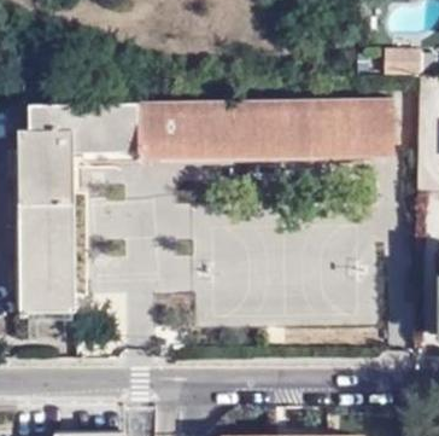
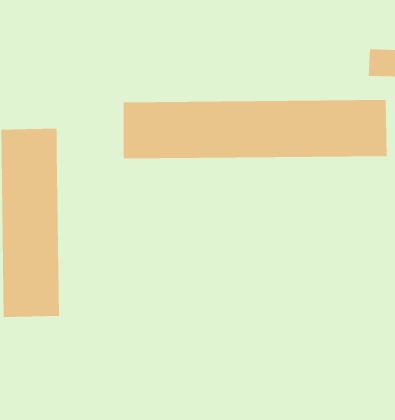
building: [30,101,140,151] -> none

